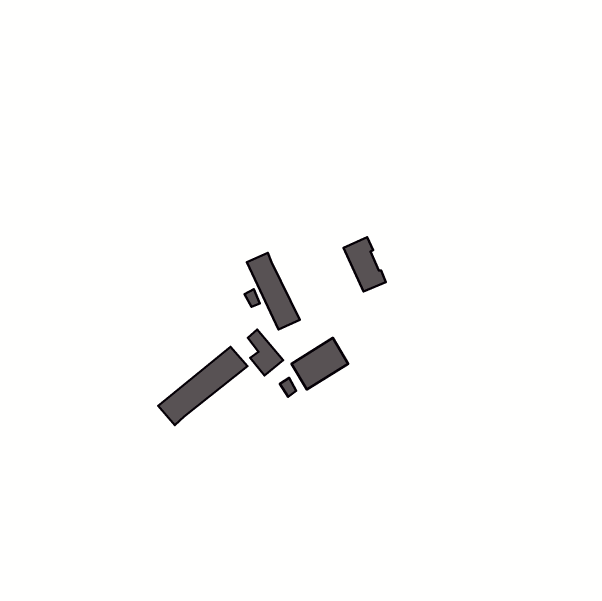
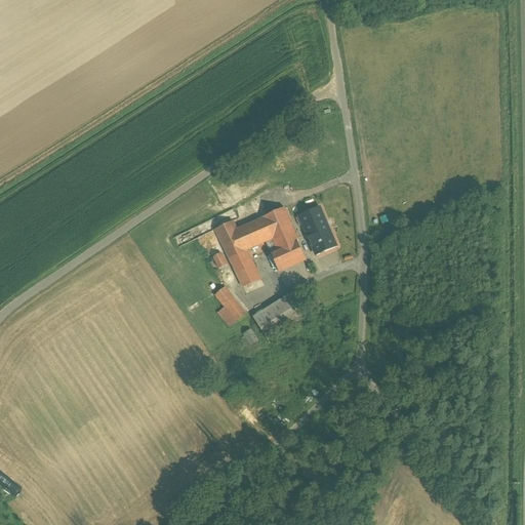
building: none -> [236,206,305,270]
building: [158,347,247,425] -> none

